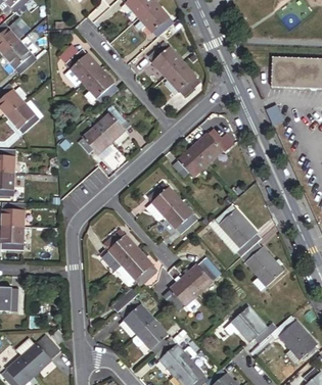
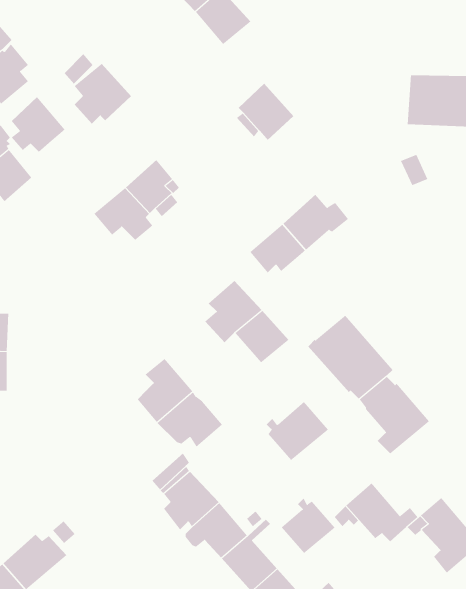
building: [148,41,182,76] -> none
building: [84,68,118,103] -> [11,96,65,153]
building: [165,275,198,309] -> [281,498,335,554]

